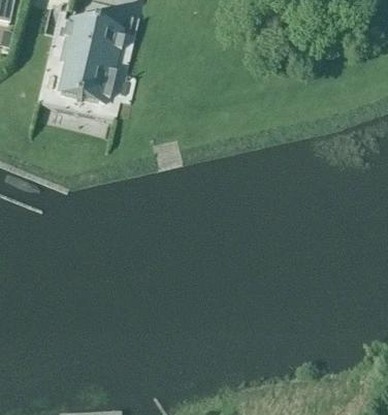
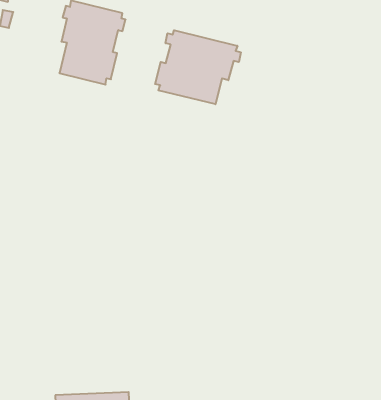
building: none -> [155,30,241,104]

